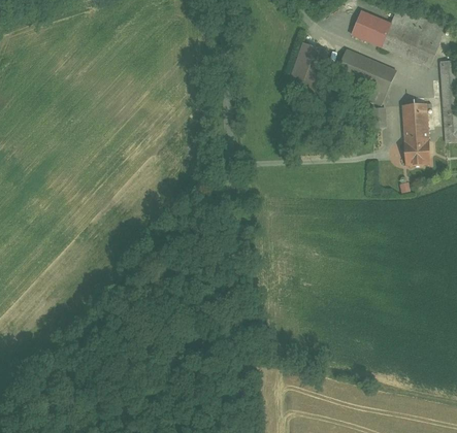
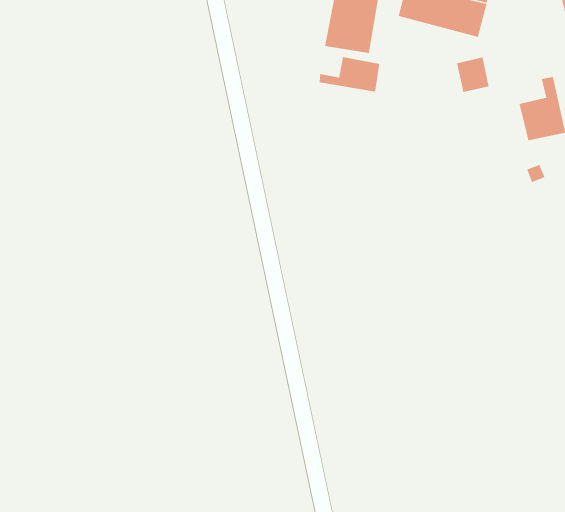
building: none -> [319,56,380,93]
building: [401,102,427,139] -> none

